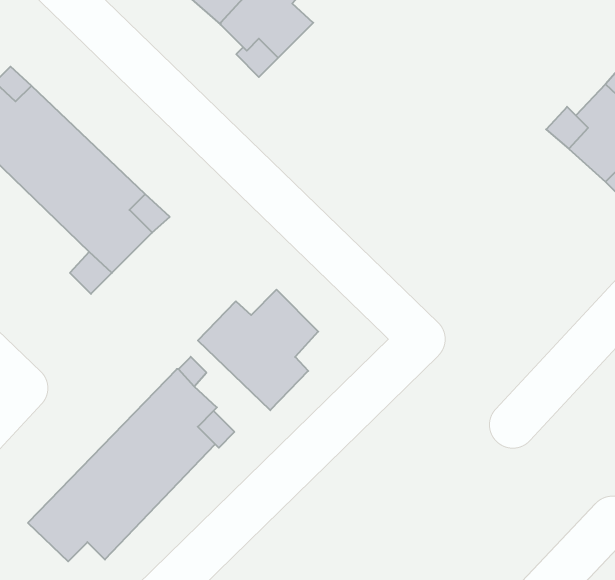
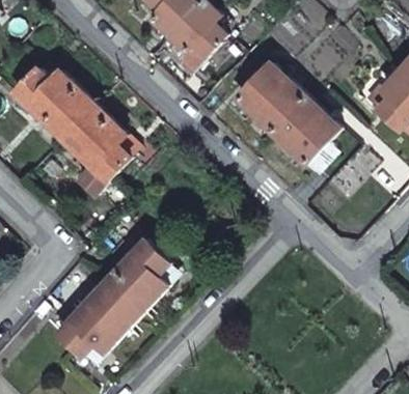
building: none -> [236,62,339,164]
building: [198,290,318,410] -> none

